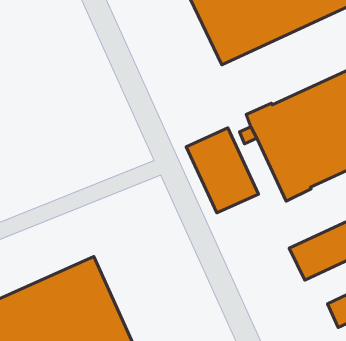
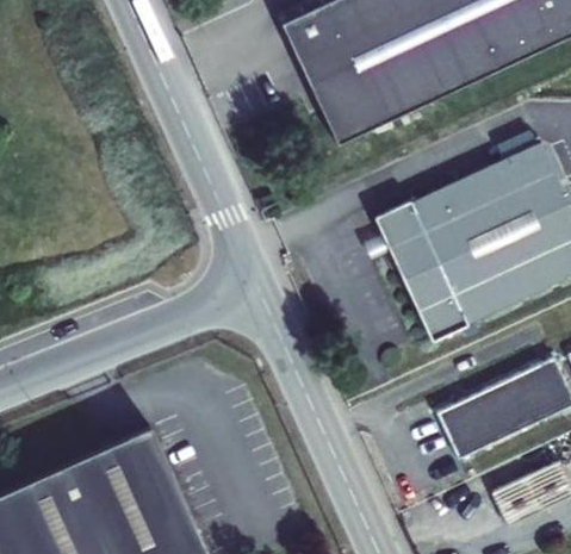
building: [186,128,259,213] -> none

